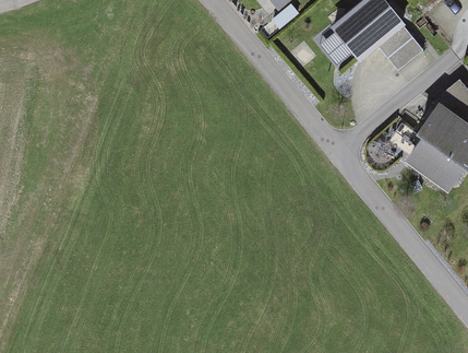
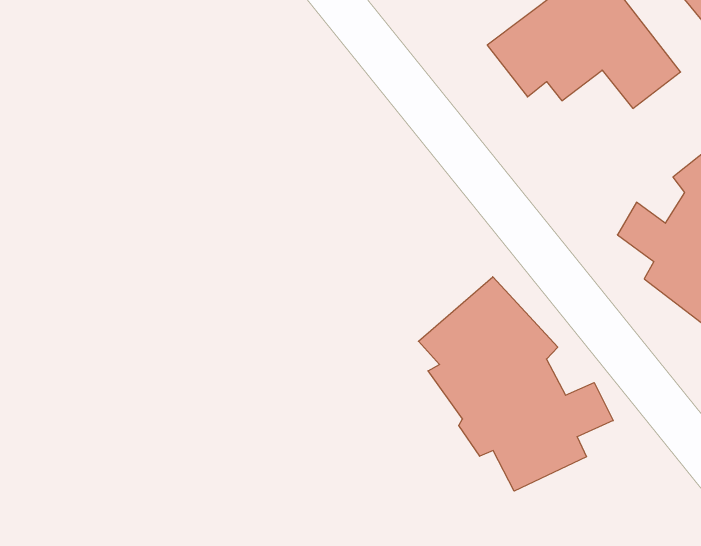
building: none -> [418,277,613,491]

